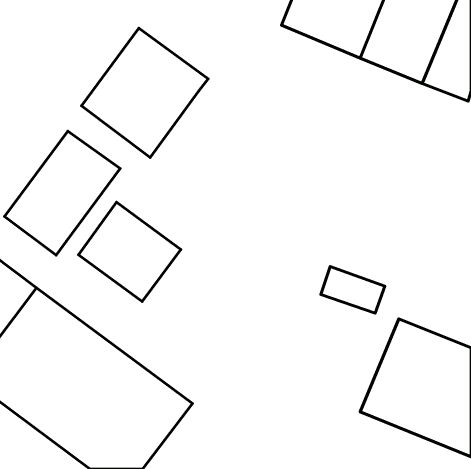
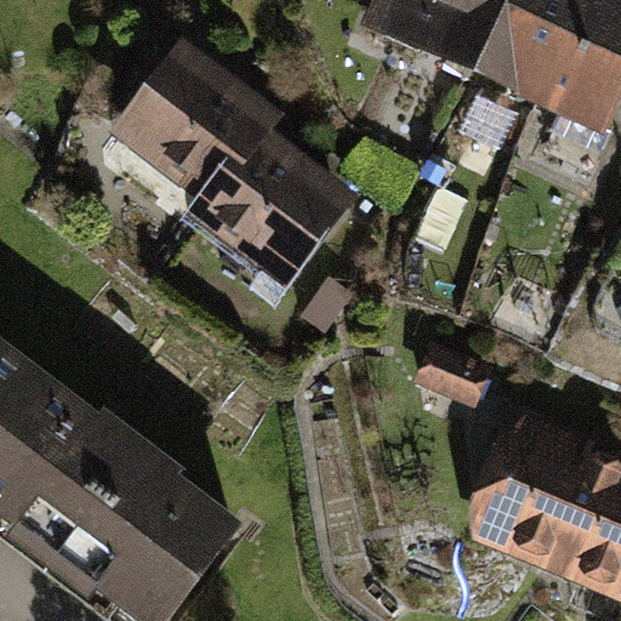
building: none -> [187,118,358,287]
building: [5,131,120,255] -> none
building: [79,202,181,302] -> none

